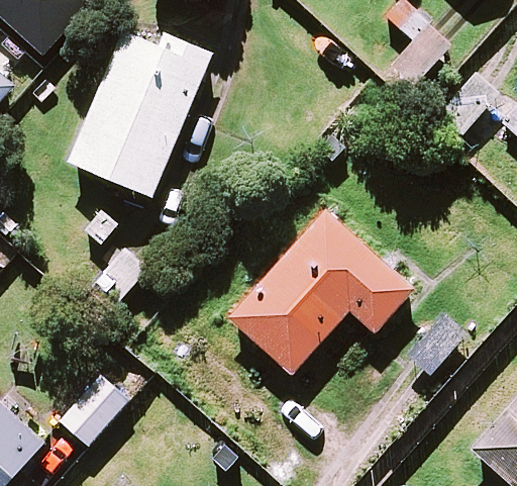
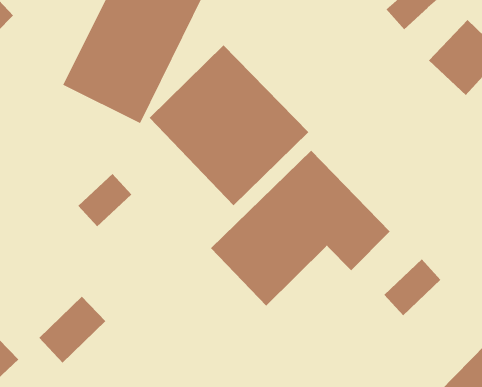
building: none -> [149,44,309,206]

